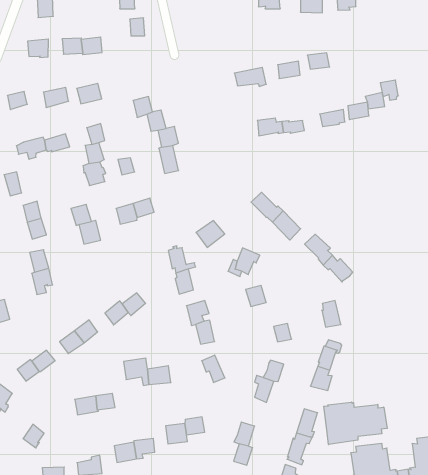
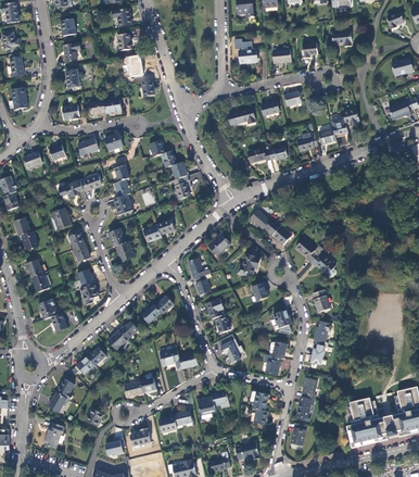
building: [324,402,387,445] -> none

